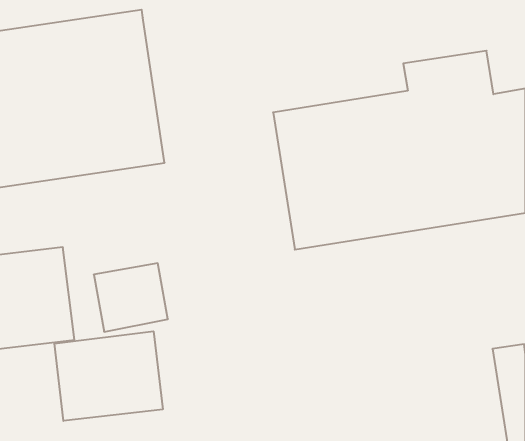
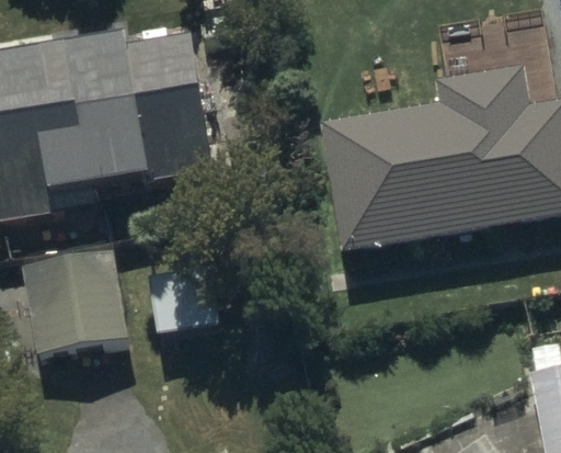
building: [54,331,163,421] -> none

